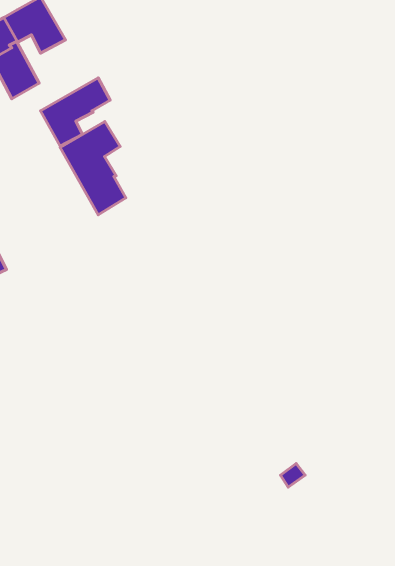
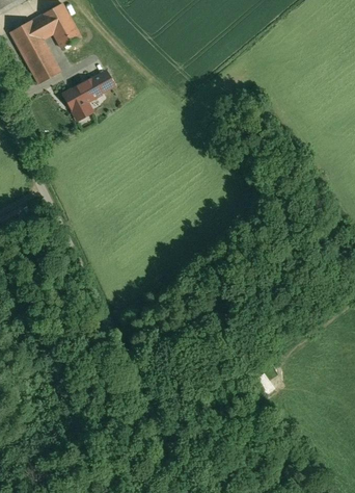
building: [60,121,126,215] -> none

